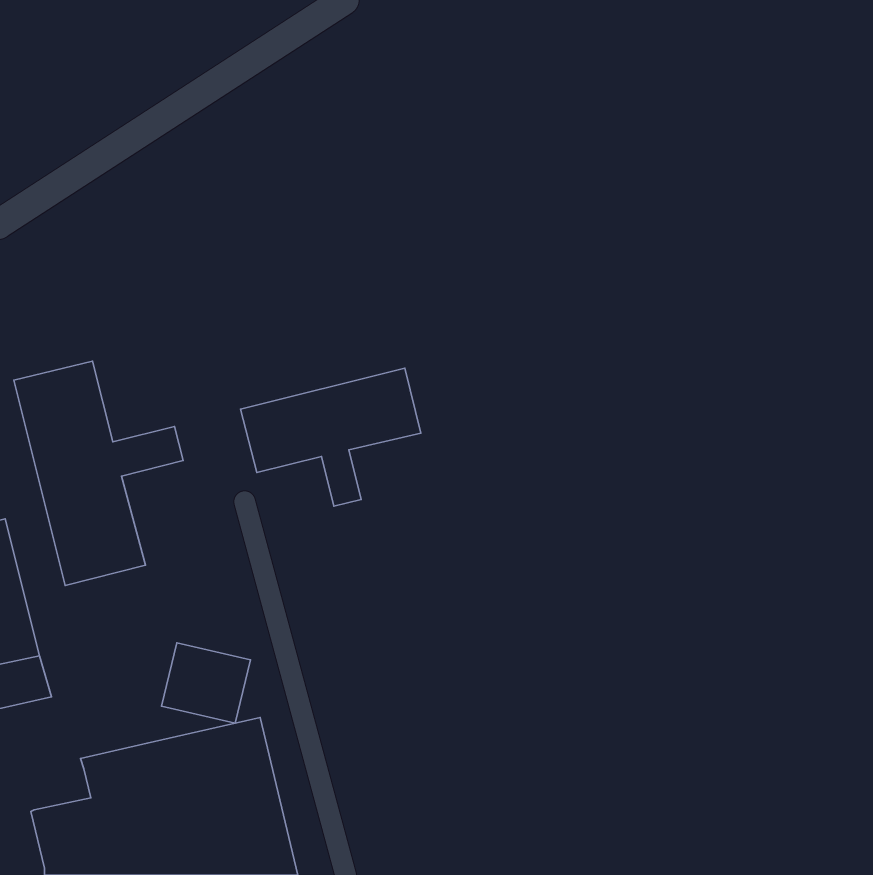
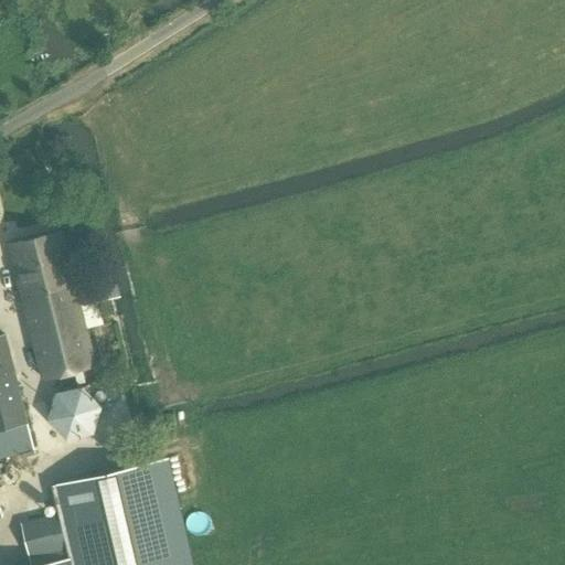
building: [240,368,421,506] -> none
building: [161,643,251,723] -> [43,385,100,437]

